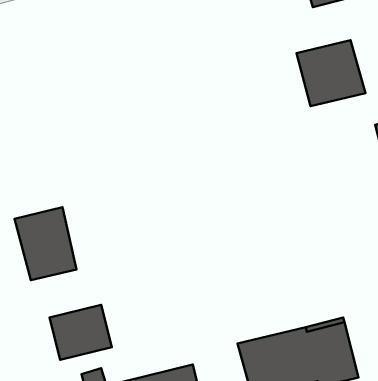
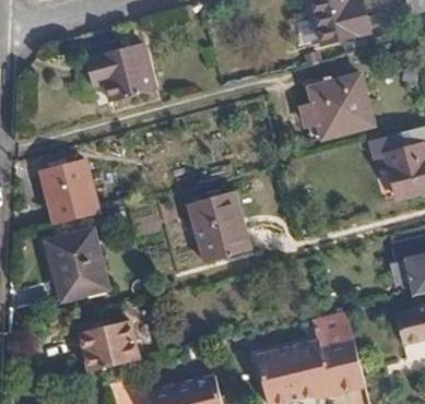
building: none -> [85,45,154,103]
building: none -> [40,159,95,219]
building: none -> [187,190,249,260]

